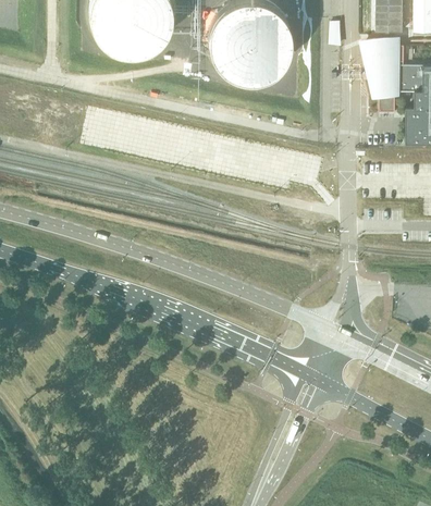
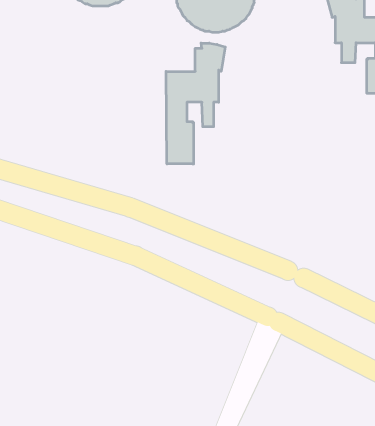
building: none -> [166,43,225,164]

